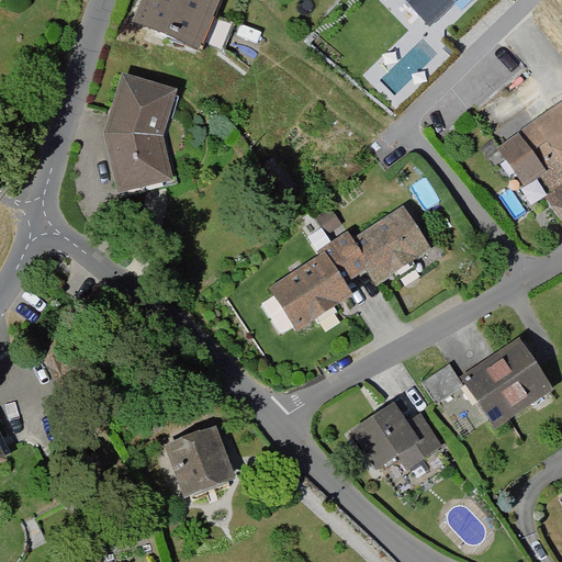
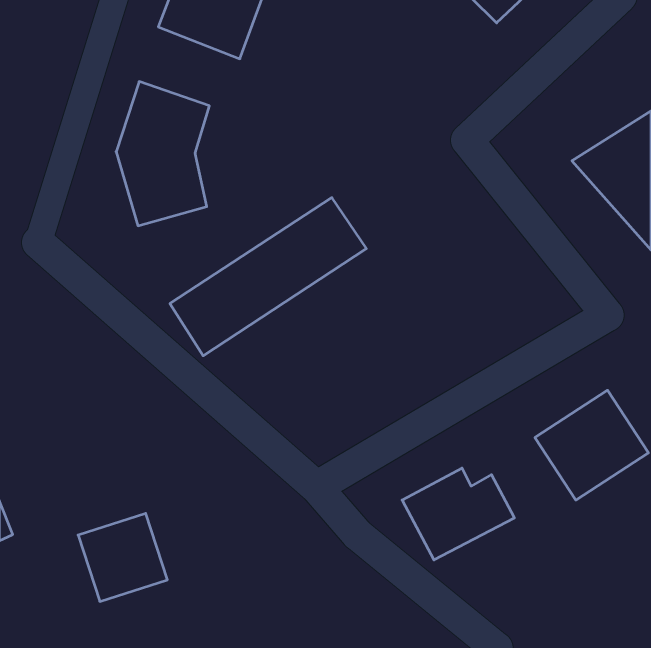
building: [268,200,437,336] -> [170,198,366,356]
building: [423,363,464,404] -> none
building: [159,423,236,498] -> [78,513,167,601]

